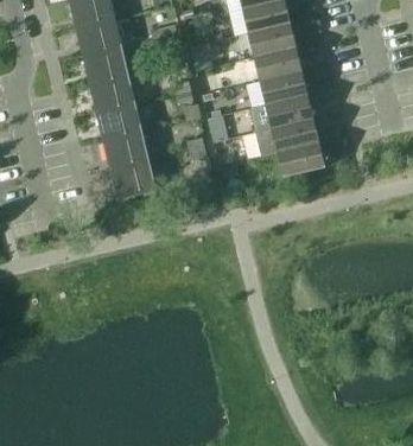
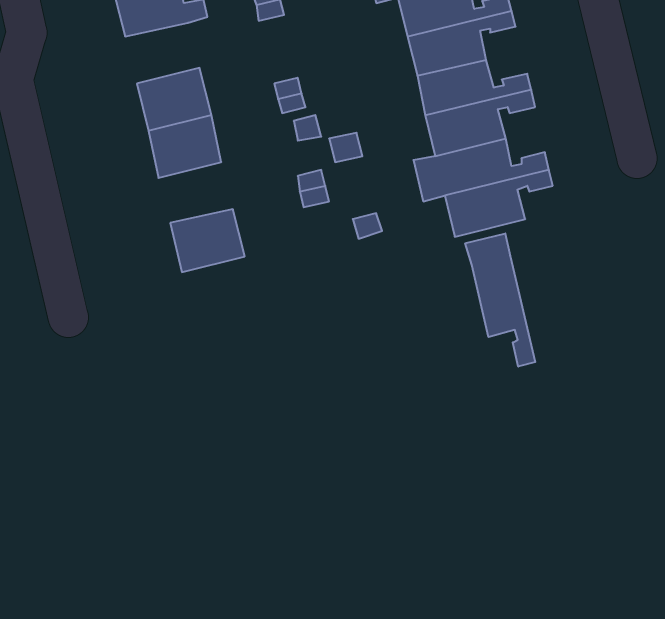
building: [83,47,128,84] -> none
building: [103,132,148,168] -> none
building: none -> [465,233,535,367]

